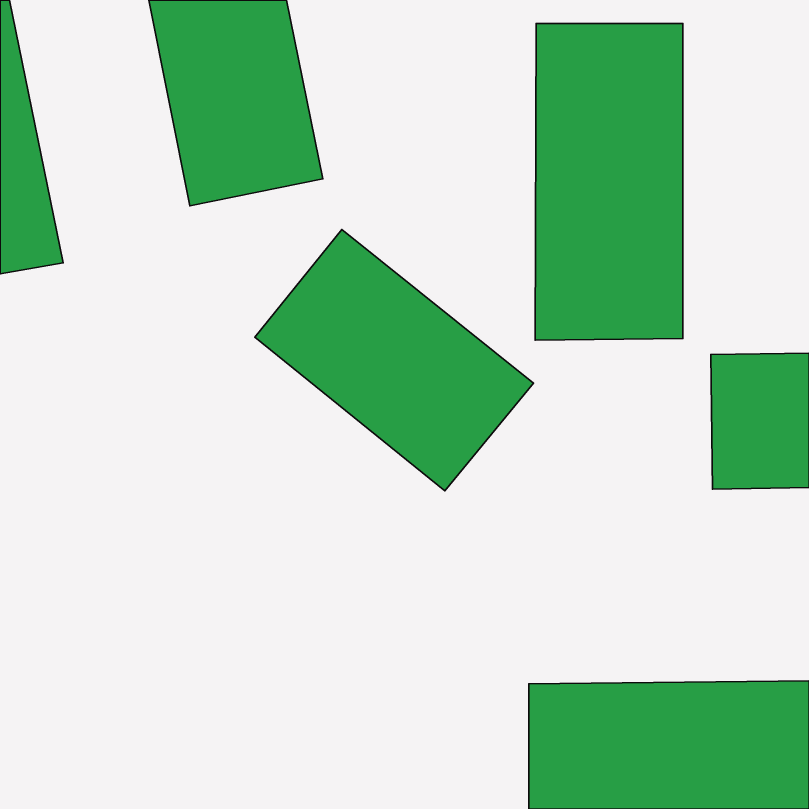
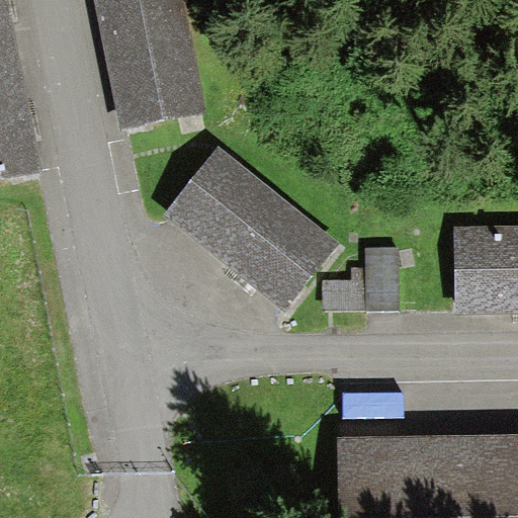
building: [535,24,683,340] -> none
building: none -> [325,248,400,309]

